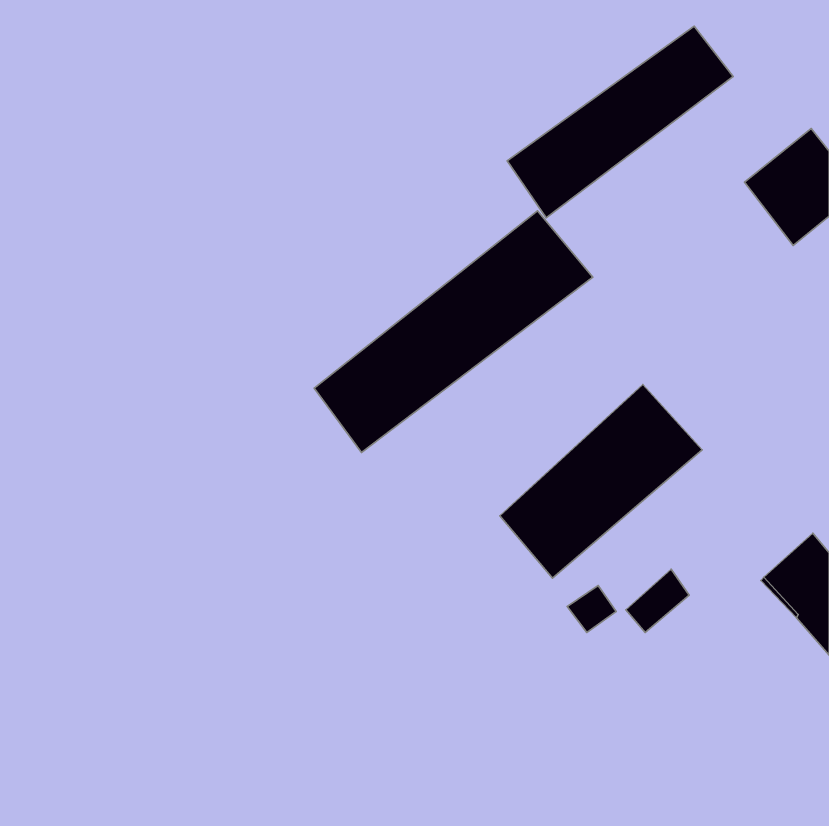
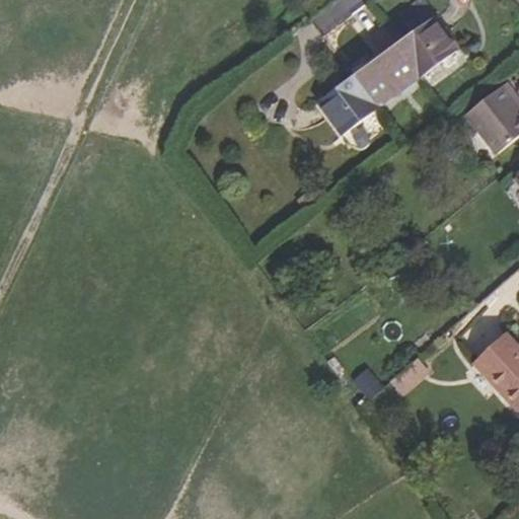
building: [314,211,593,452] -> none
building: [500,385,702,578] -> none

